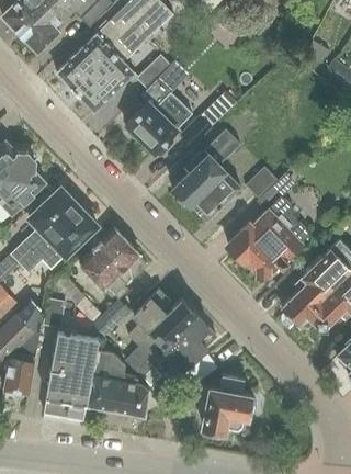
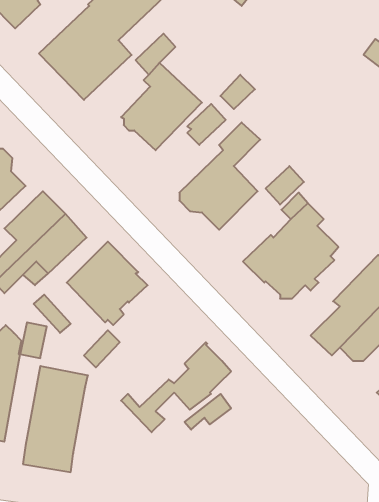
building: [128,290,195,365] -> none
building: [86,349,149,415] -> none
building: [199,373,256,430] -> none

